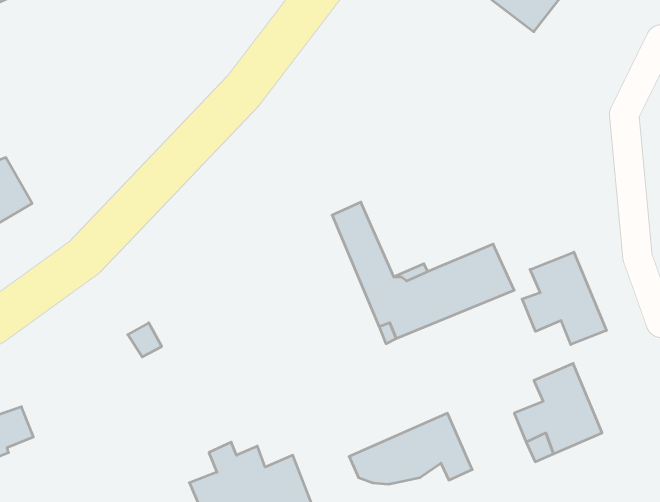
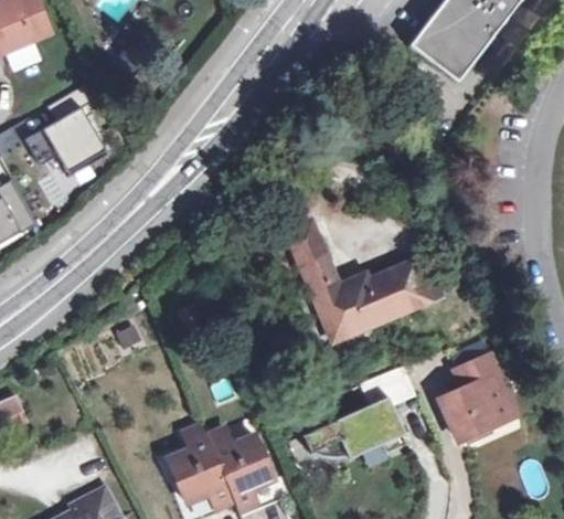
building: none -> [28,113,107,174]
building: [522,252,606,345] -> none

